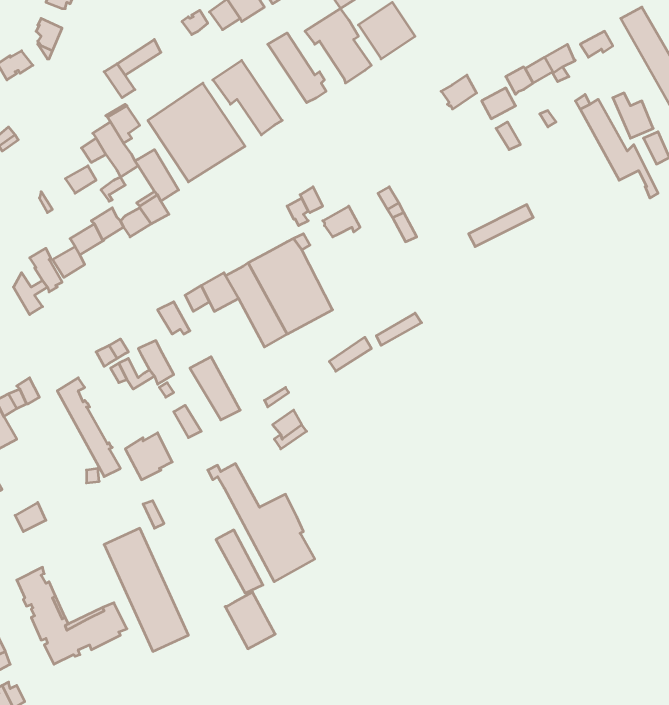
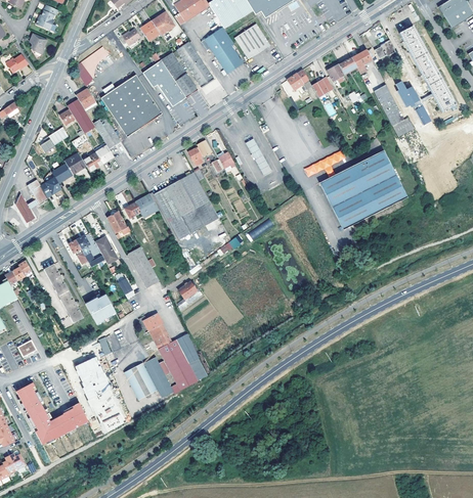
building: none -> [160,52,197,98]
building: none -> [319,151,406,230]
building: [225,592,275,649] -> [124,363,156,399]

